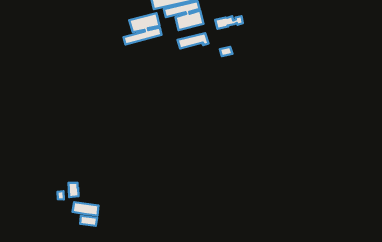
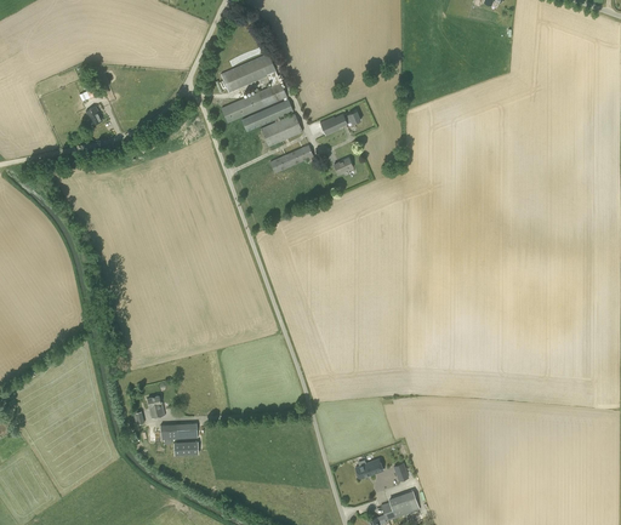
building: [123,13,162,44] -> none

